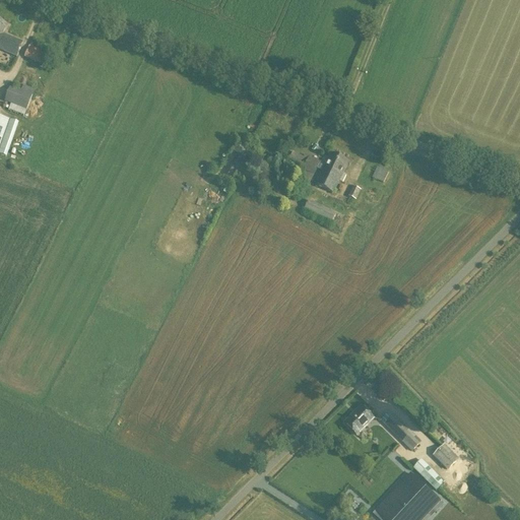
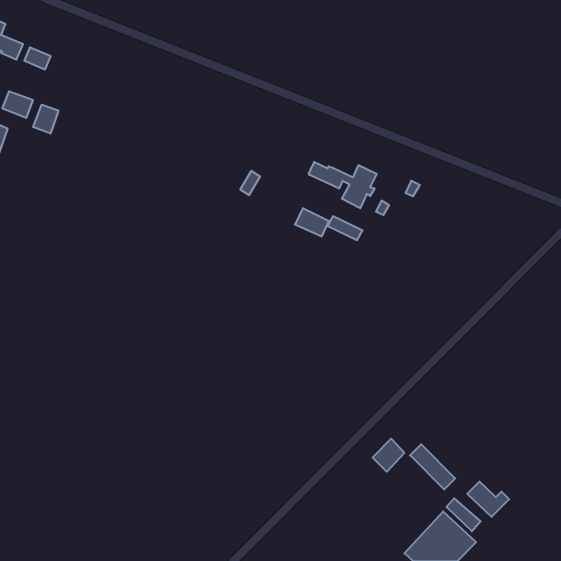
building: none -> [33,105,58,134]
building: none -> [295,208,329,237]

